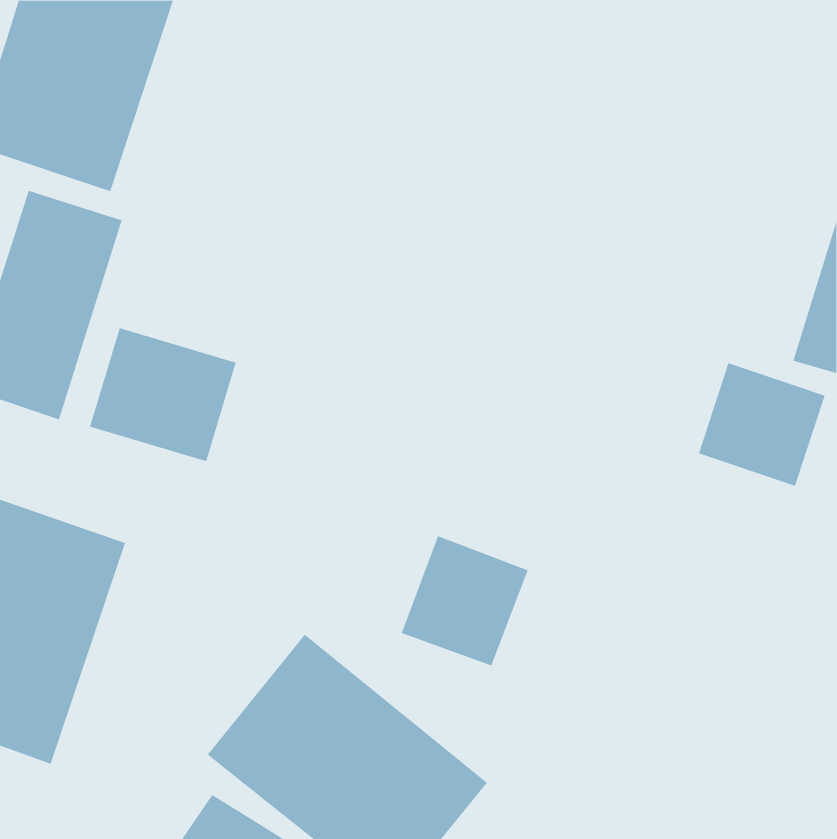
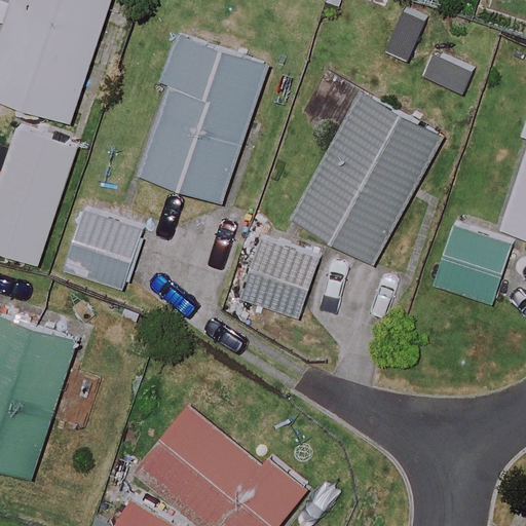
building: none -> [137,37,268,206]
building: none -> [293,90,441,260]
building: [401,536,528,666] -> [242,235,322,316]

